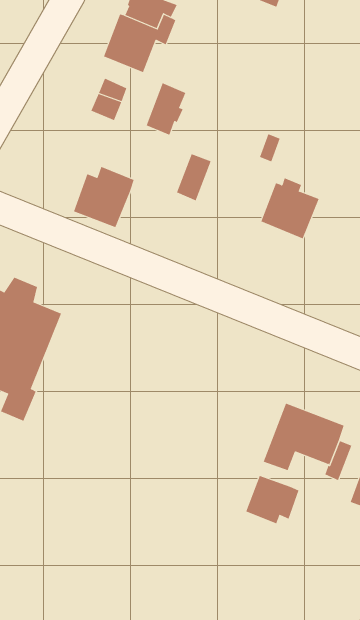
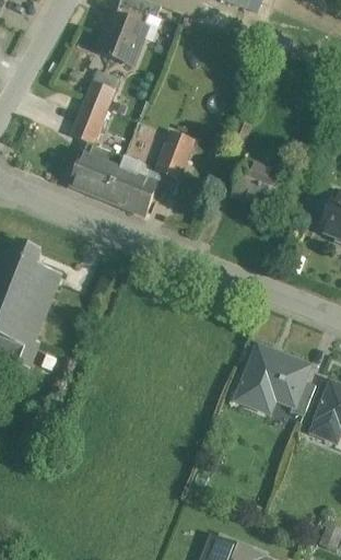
building: [146,83,186,135] -> [71,96,106,142]
building: none -> [107,166,156,212]
building: [246,475,299,524] -> none

